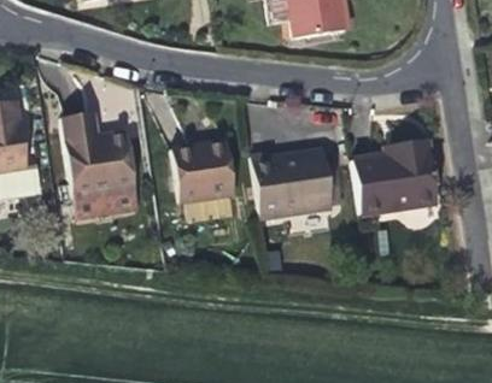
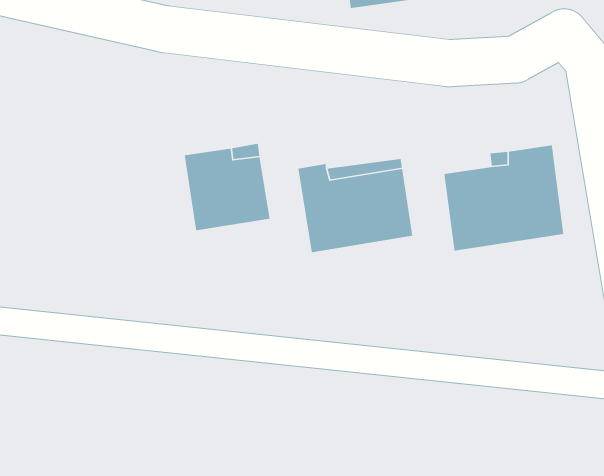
building: [63,111,141,217] -> none

